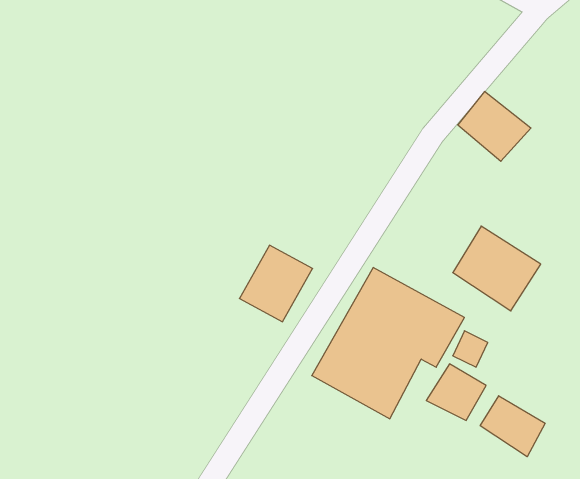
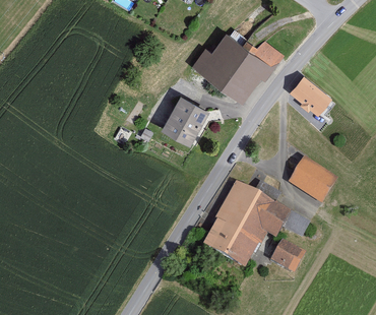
building: none -> [186,33,288,109]
building: [239,245,313,322] -> [165,101,209,147]
building: [480,396,545,457] -> none

